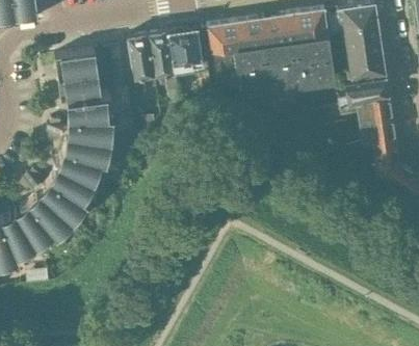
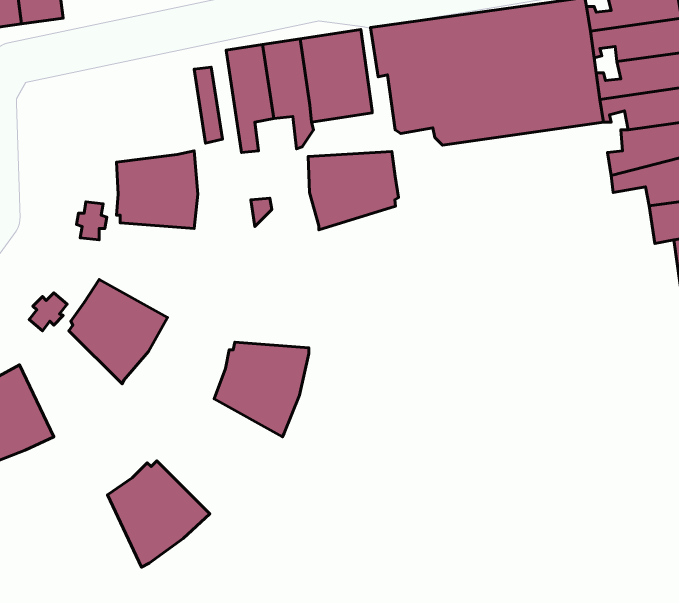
building: [56,52,103,101] -> none
building: none -> [308,151,398,230]
building: [60,133,112,185] -> [214,342,309,437]
building: [17,192,73,250] -> [107,461,210,567]

